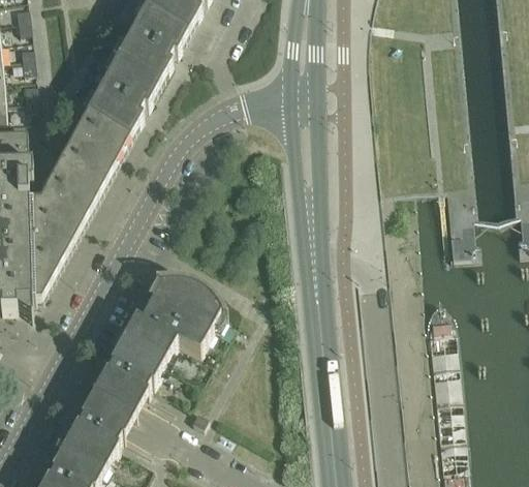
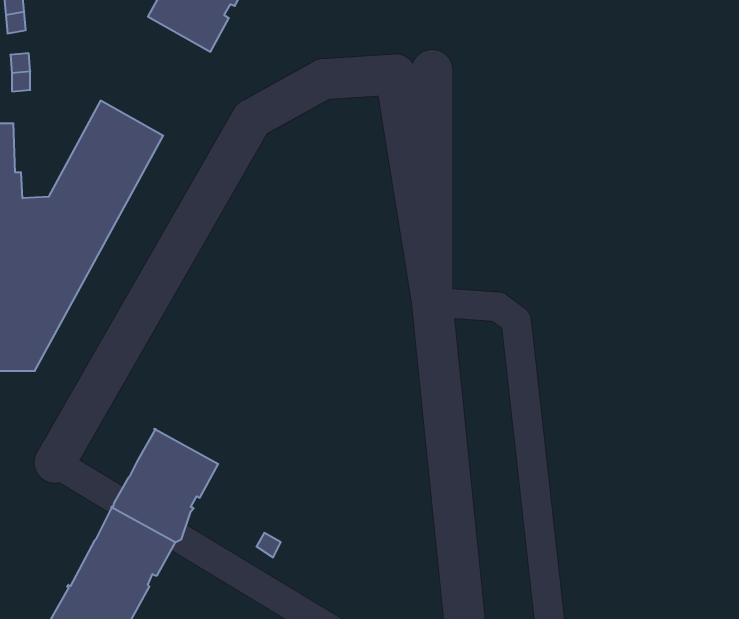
building: [84,56,158,136] -> none
building: [120,276,219,359] -> none

